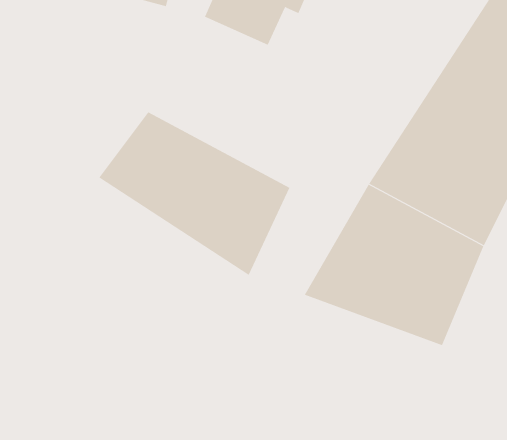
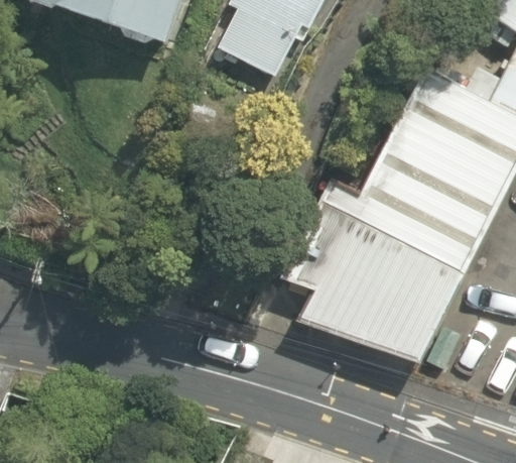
building: [99,112,290,276] -> none

